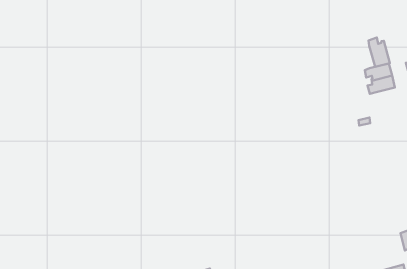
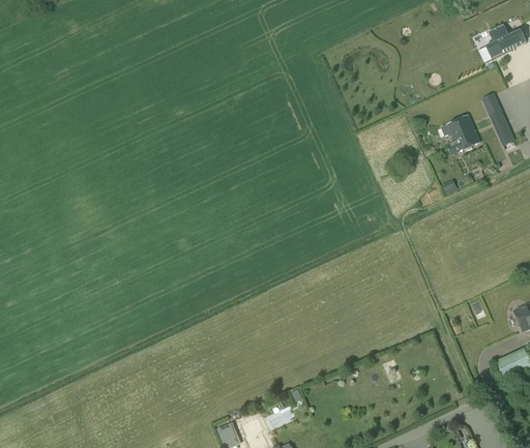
building: [368,38,390,67] -> none

